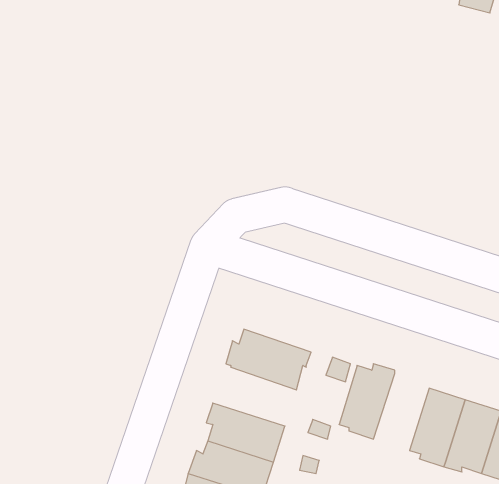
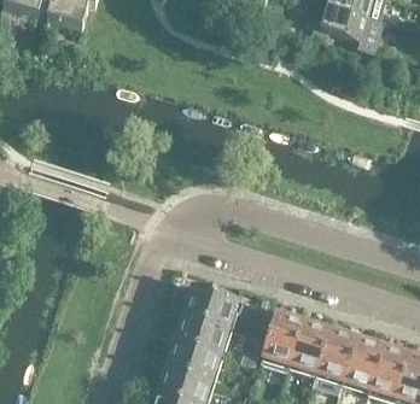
building: none -> [170,312,232,356]
building: none -> [288,317,329,374]

